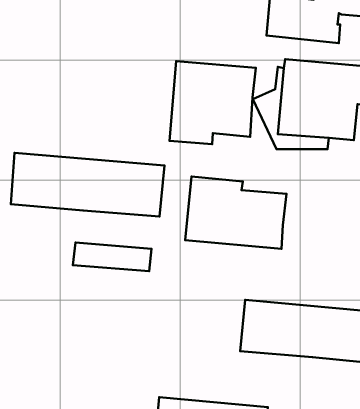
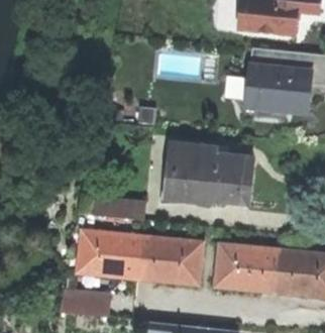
building: [170,61,256,144] -> none
building: [11,153,164,217] -> [78,231,202,283]
building: none -> [61,293,110,317]

